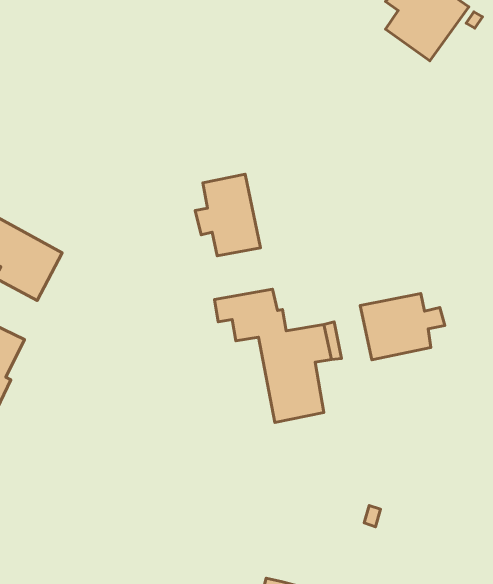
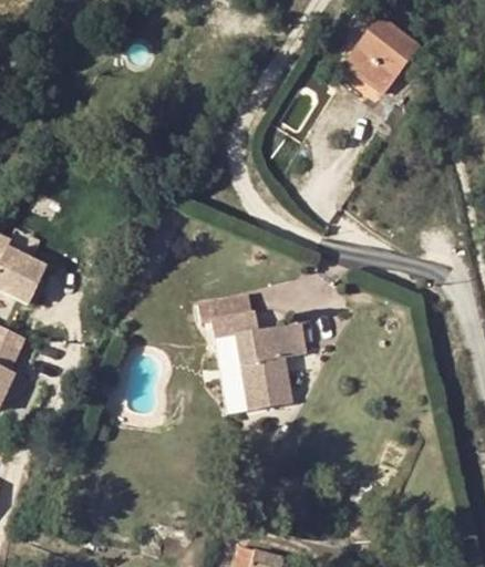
building: [195,174,261,256] -> none
building: [360,294,445,360] -> none

